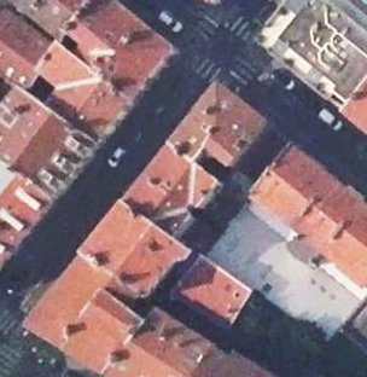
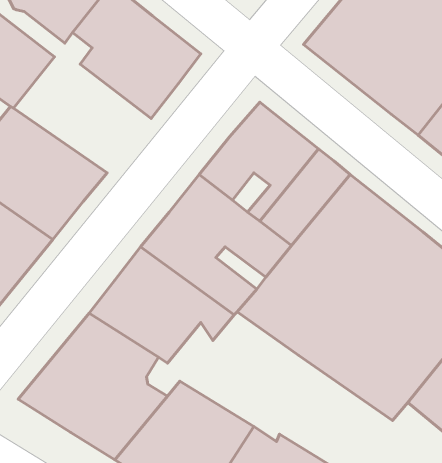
building: [23,45,133,144] -> none
building: [169,255,251,329] -> none

